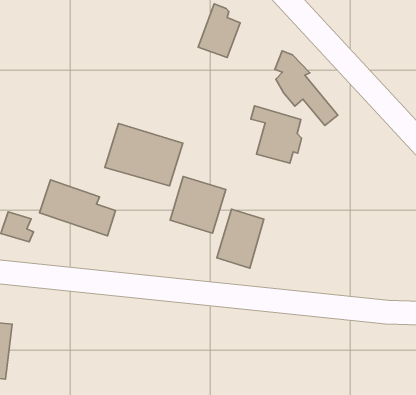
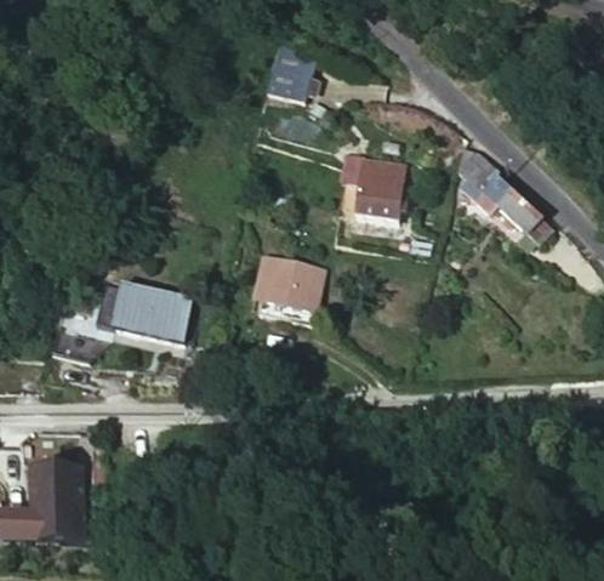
building: [275,51,338,125] -> [457,147,542,233]
building: [105,124,183,186] -> none
building: [217,209,264,268] -> none

